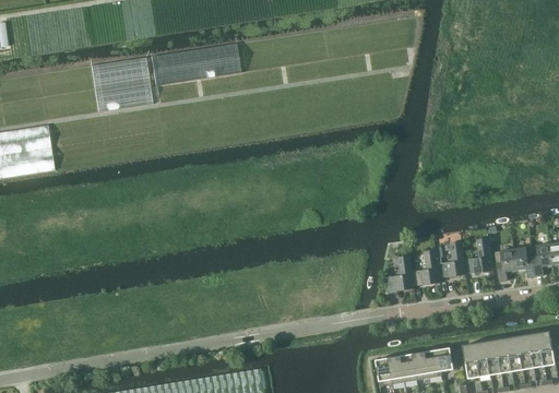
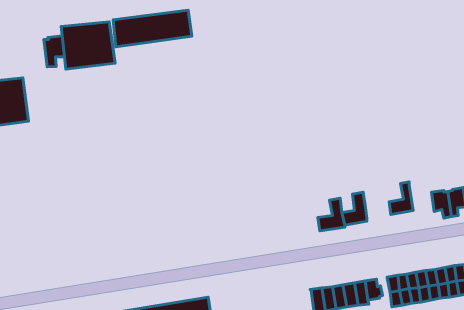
building: none -> [44,36,65,67]
building: [436,241,466,278] -> none
building: [493,249,515,282] -> none

